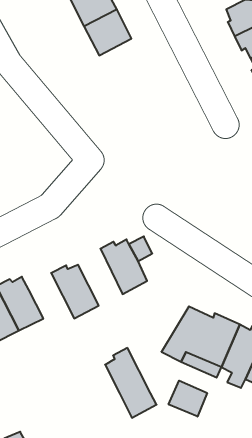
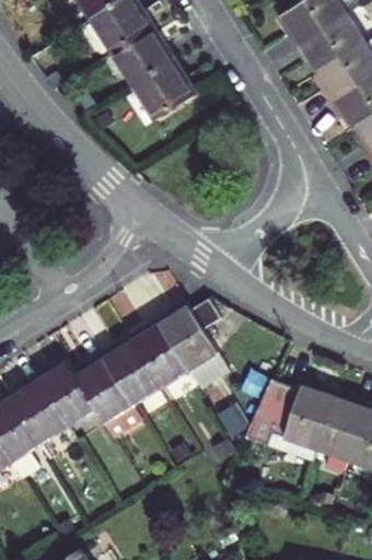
building: none -> [133,60,193,117]
building: none -> [131,318,188,387]
building: [105,348,157,418] -> [74,353,141,438]
building: [169,381,207,417] -> none

